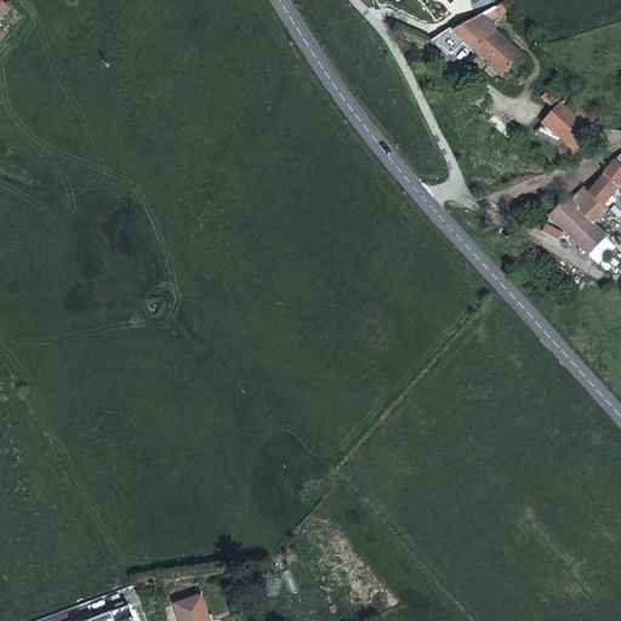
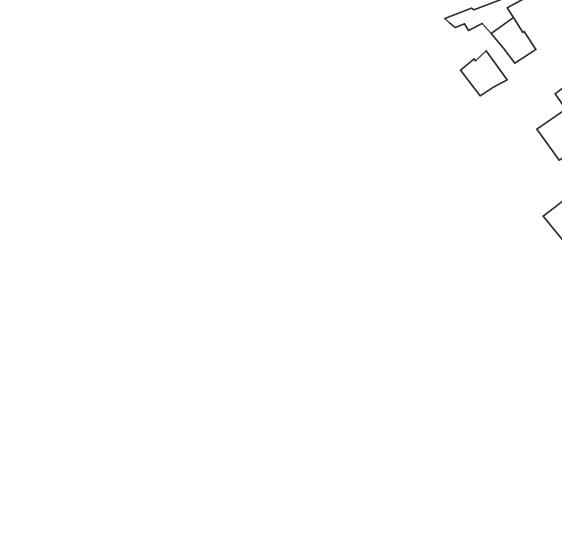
building: none -> [461,51,507,96]

